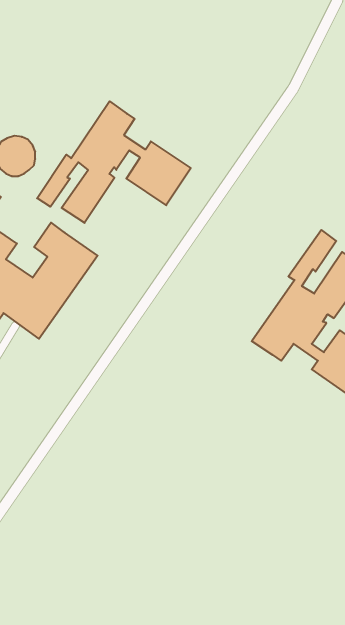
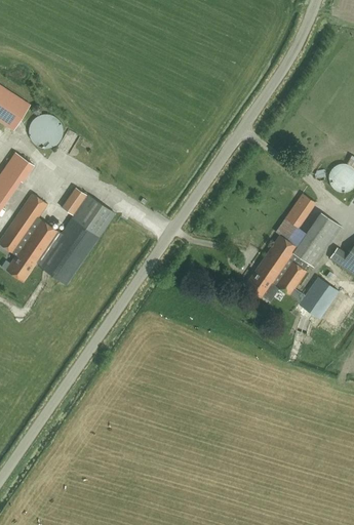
building: [37,101,191,223] -> none

